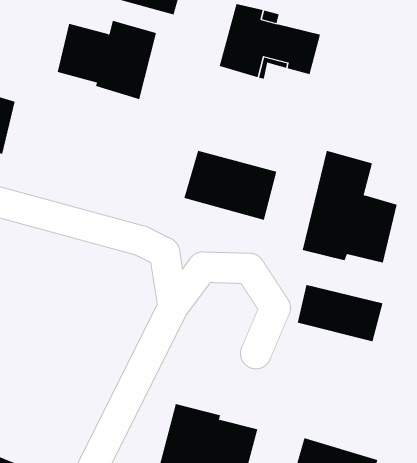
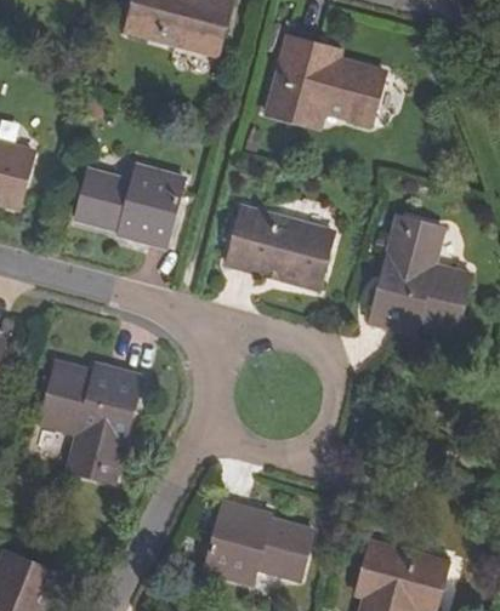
building: [57,20,157,100] -> [72,162,186,253]
building: none -> [39,356,146,484]
building: [297,284,383,342] -> none

